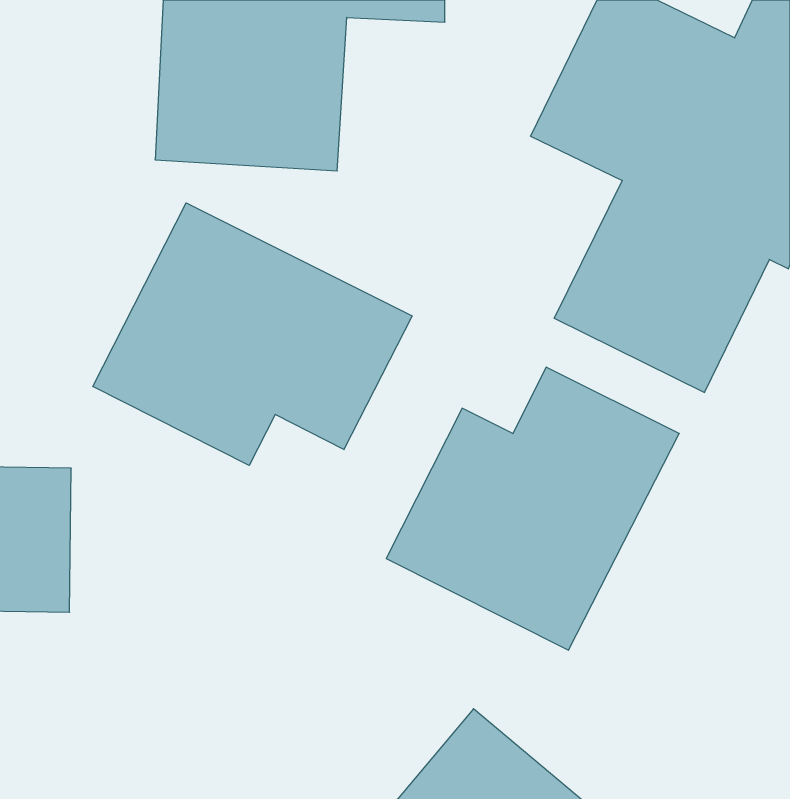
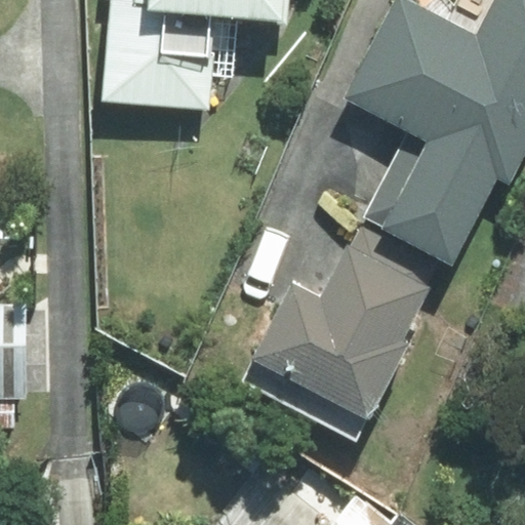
building: [93,203,412,465] -> none

